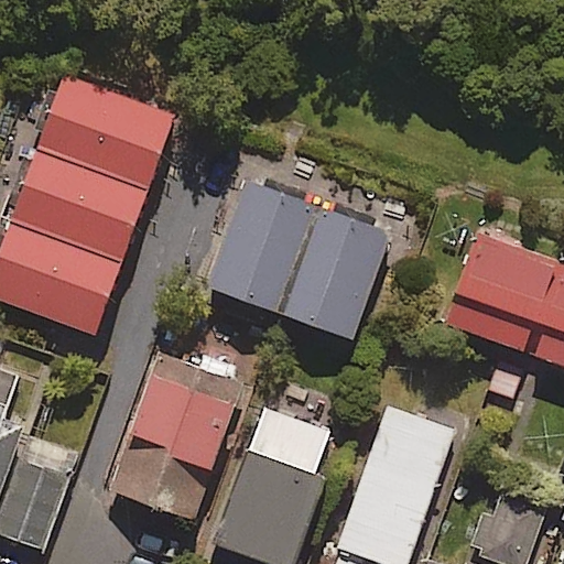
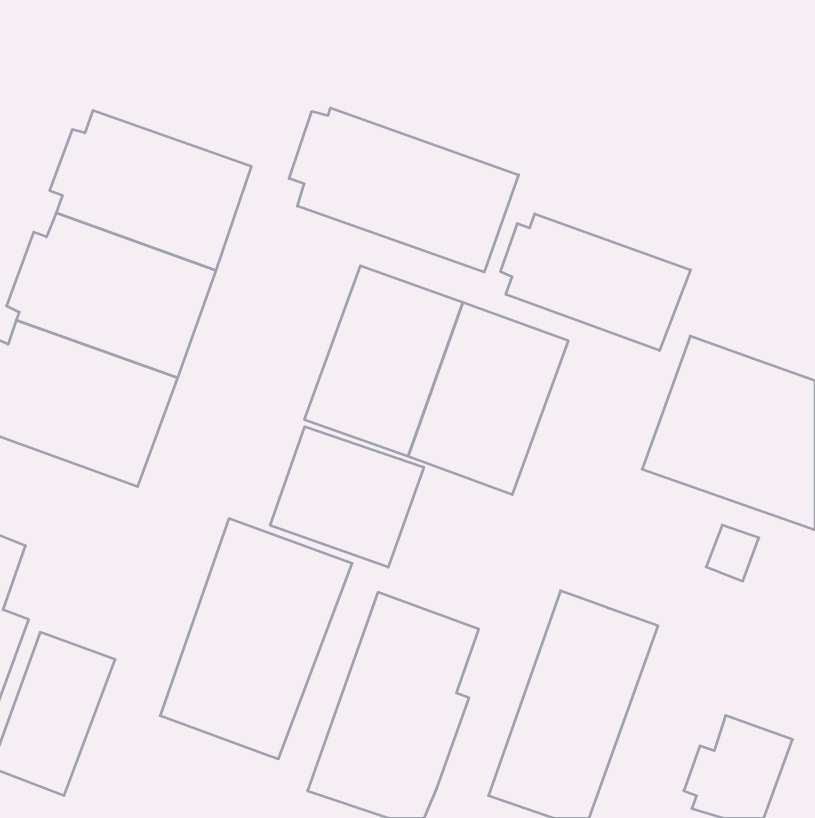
building: none -> [289,108,519,272]
building: none -> [501,214,691,351]
building: none -> [270,427,424,567]

